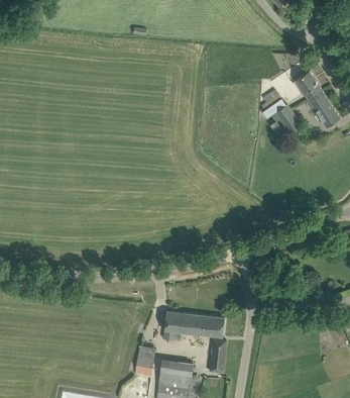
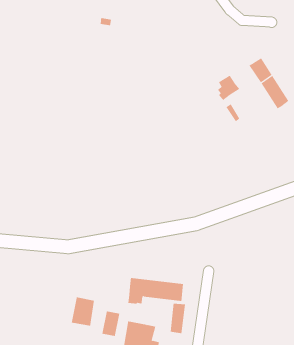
building: [274,104,302,134] -> none
building: none -> [71,296,95,326]

